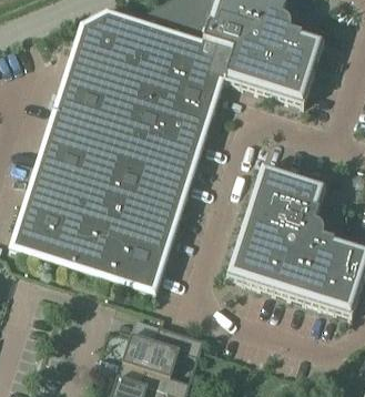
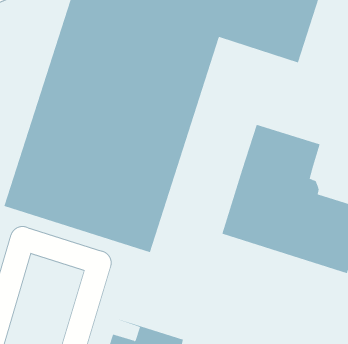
building: [122,324,203,380] -> none

